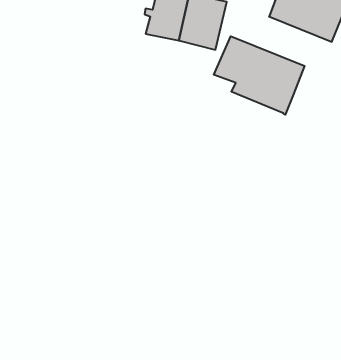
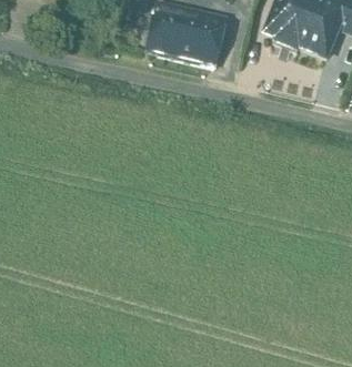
building: [214,36,305,115] -> none

